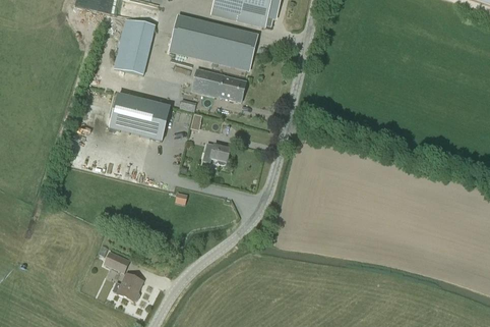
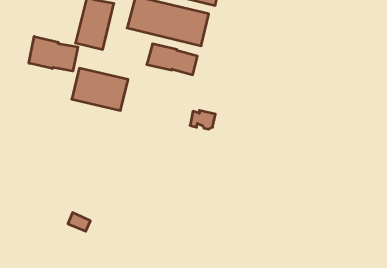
building: none -> [29,36,78,71]
building: [202,143,230,163] -> [190,110,215,129]
building: [117,272,142,299] -> none

